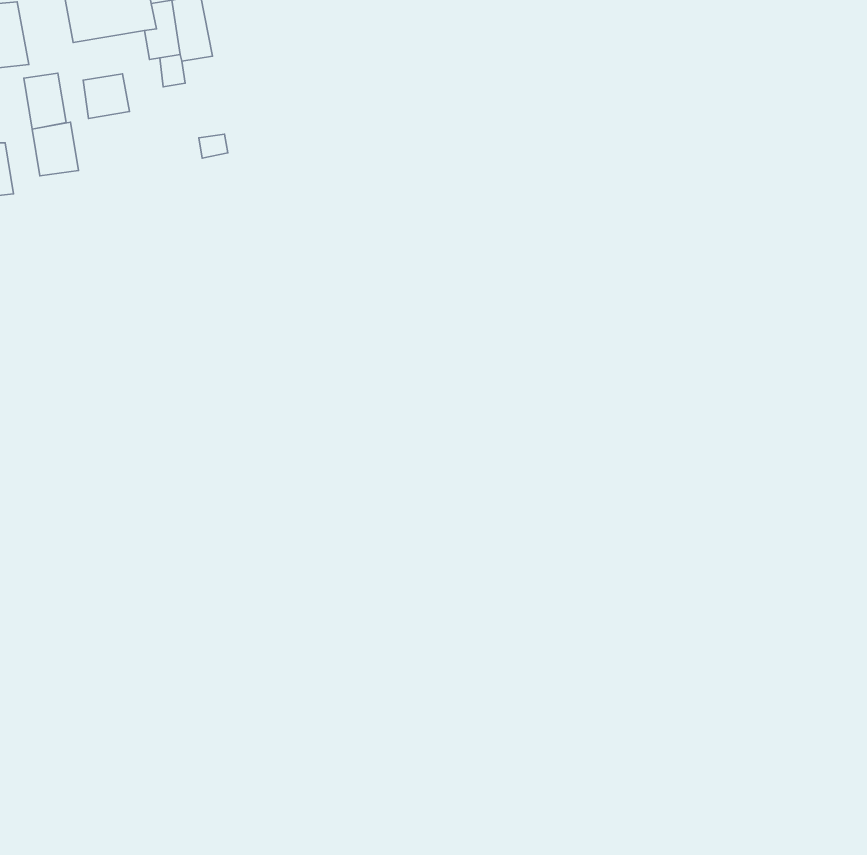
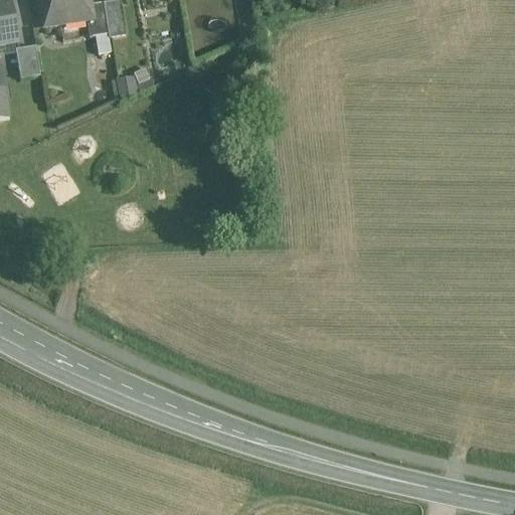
building: [83,74,129,118] -> none
building: [32,122,78,176] -> none

